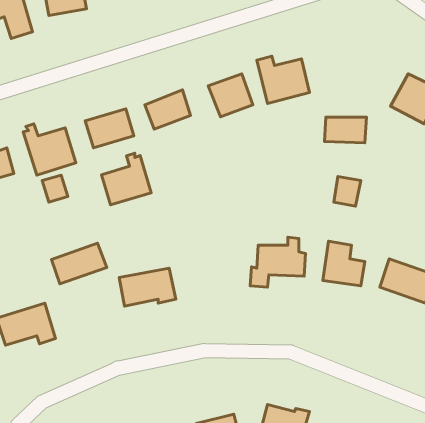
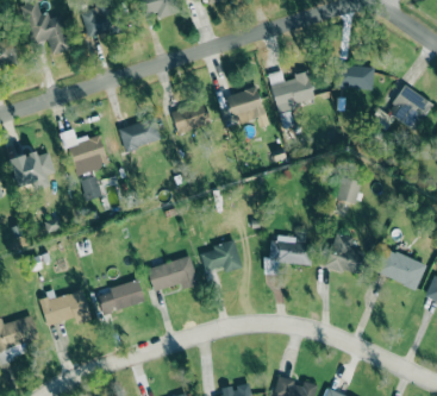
building: [324,117,366,143] -> [337,67,374,89]
building: [101,153,151,205] -> none
building: [52,243,107,284] -> [96,279,145,315]
building: none -> [200,240,243,274]

